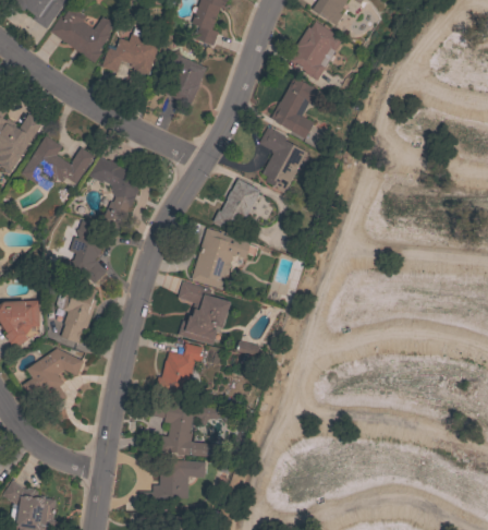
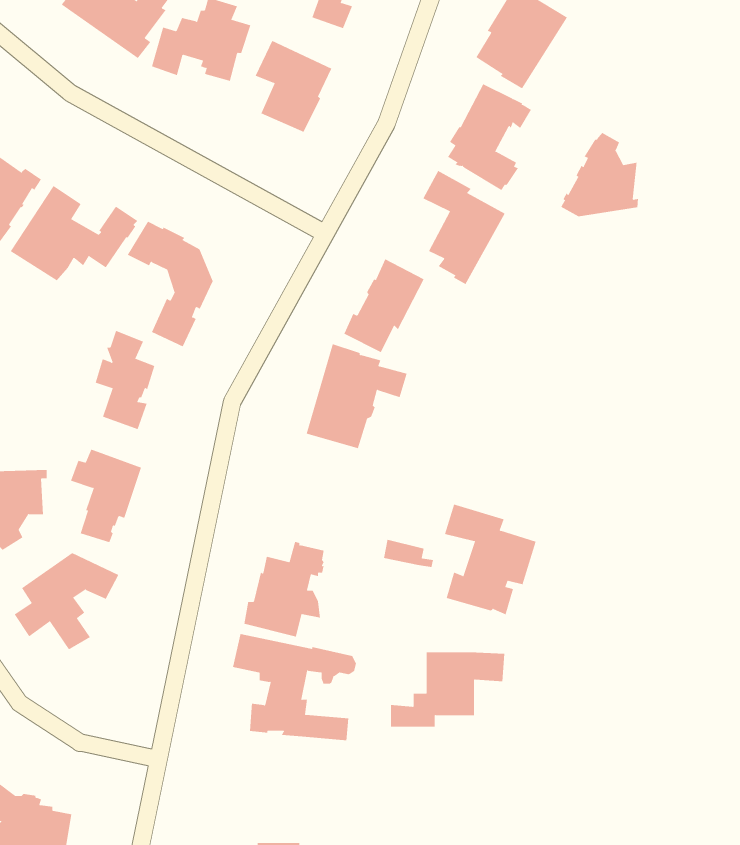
building: none -> [561,132,638,217]
building: [178,280,231,345] -> [444,504,536,615]
building: [139,460,206,504] -> [390,652,505,727]

